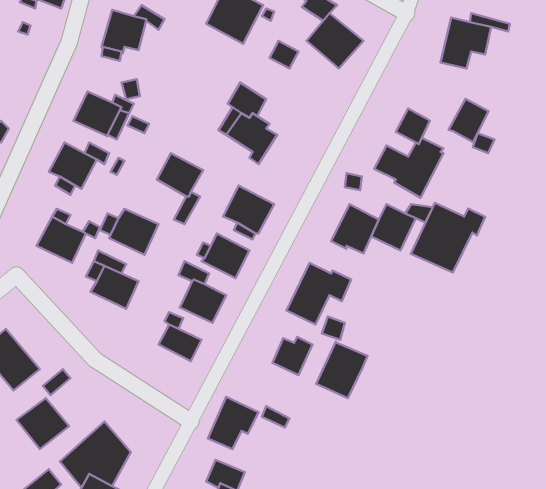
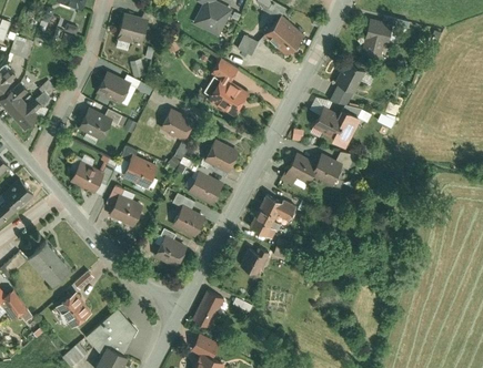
building: [448,99,488,142] -> [334,60,363,91]
building: [411,203,485,273] -> none
building: [316,342,368,398] -> none

